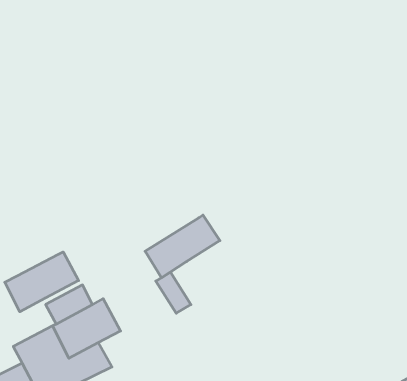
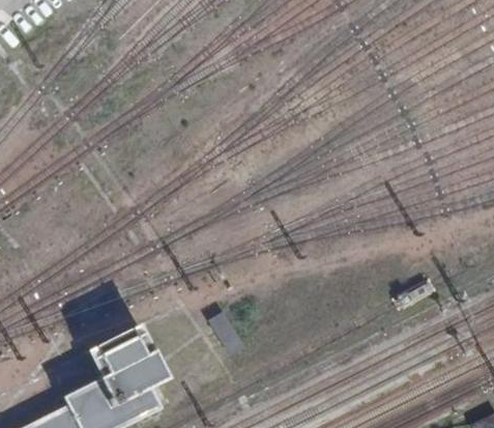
building: [145,215,220,278] -> none
building: [5,252,79,312] -> none

